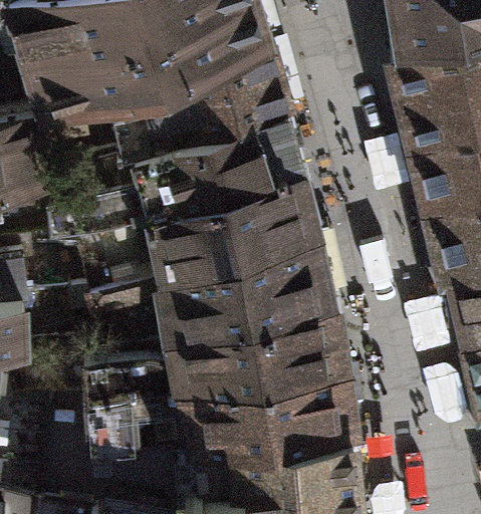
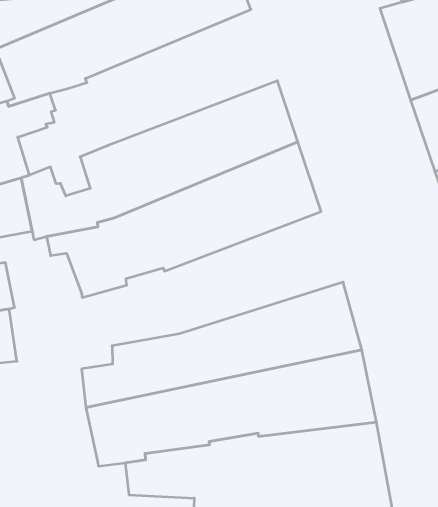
building: [95,37,290,153] -> none
building: [71,230,335,338] -> none

